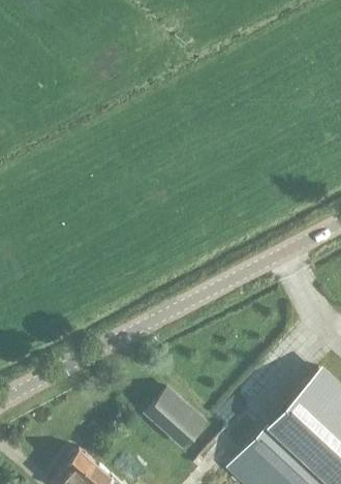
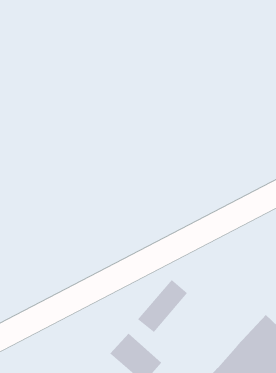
building: none -> [137,279,188,333]

